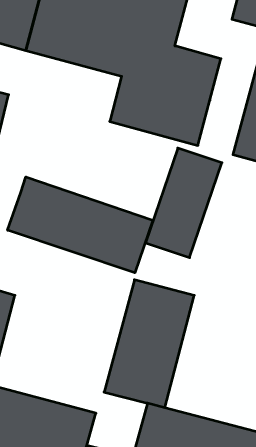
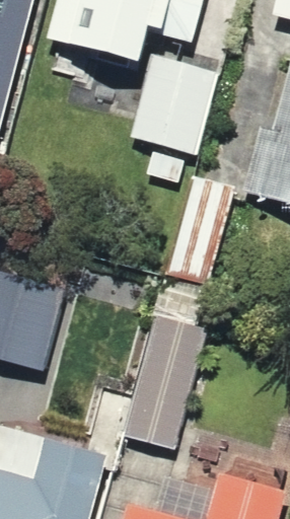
building: [8,177,153,273] -> none

